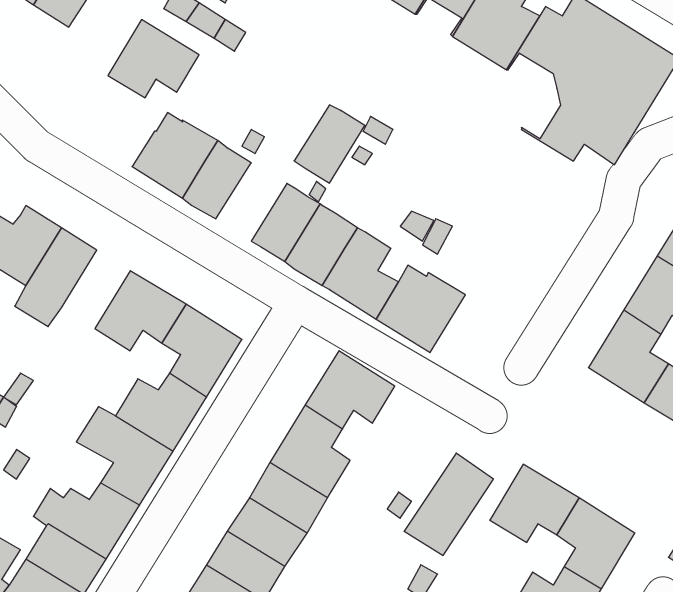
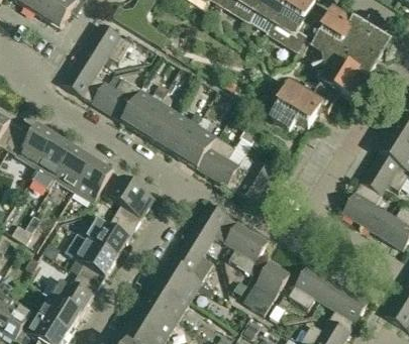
building: none -> [64,52,108,102]
building: [294,105,365,183] -> [141,100,180,142]
building: none -> [272,82,335,127]
building: none -> [58,147,95,190]
building: none -> [226,221,270,270]

